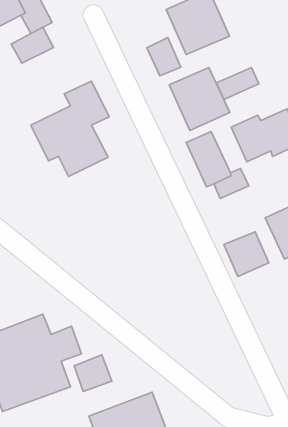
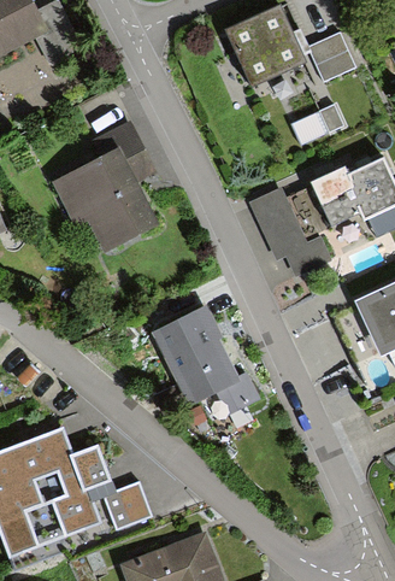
building: none -> [311,33,356,81]
building: [11,27,53,63] -> none
building: [147,38,181,76] -> none
building: [169,67,230,131] -> none
building: none -> [152,304,263,415]

